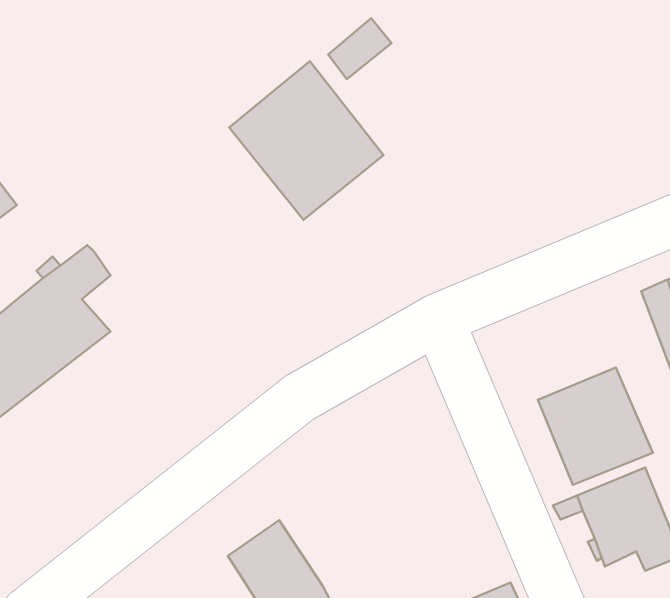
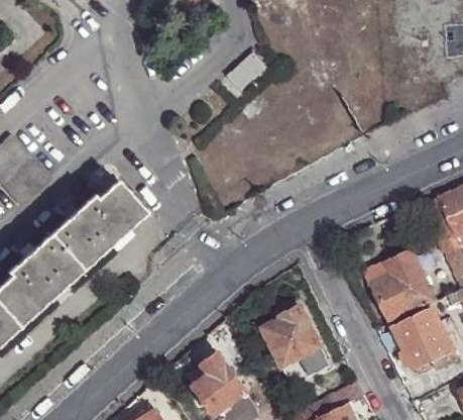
building: [229,61,383,220] -> none
building: none -> [91,182,145,248]
building: none -> [263,308,330,386]

